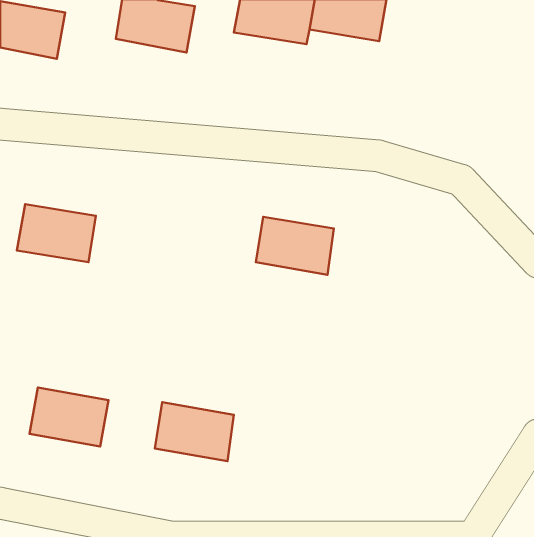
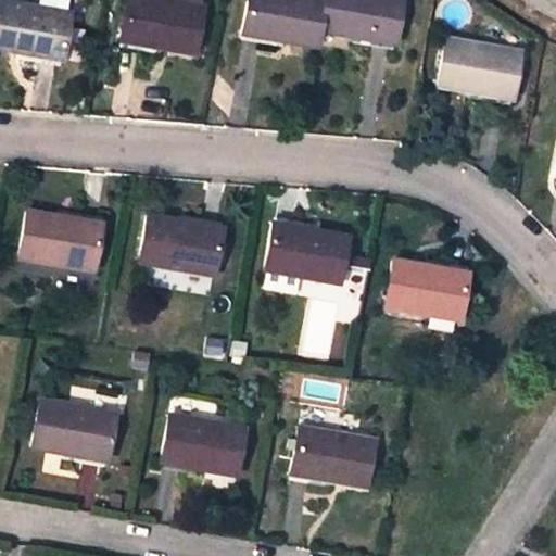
building: none -> [441,38,522,98]
building: none -> [143,216,223,275]
building: none -> [389,260,469,319]
building: none -> [294,427,375,488]

